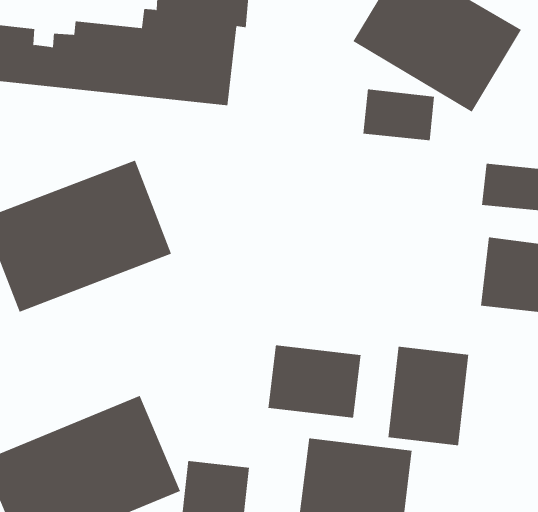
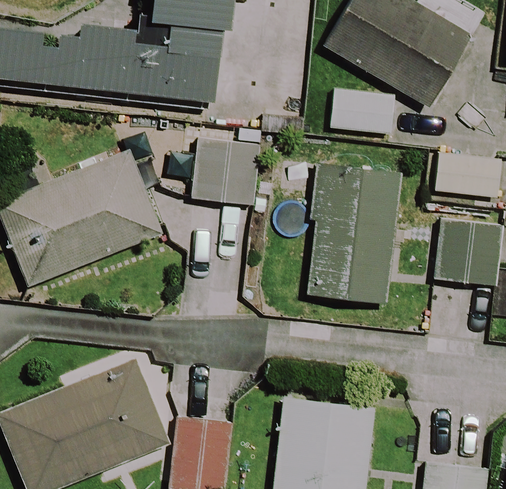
building: none -> [191,137,262,205]
building: none -> [307,163,402,305]
building: [268,345,361,418] -> none
building: [388,346,469,446] -> none

